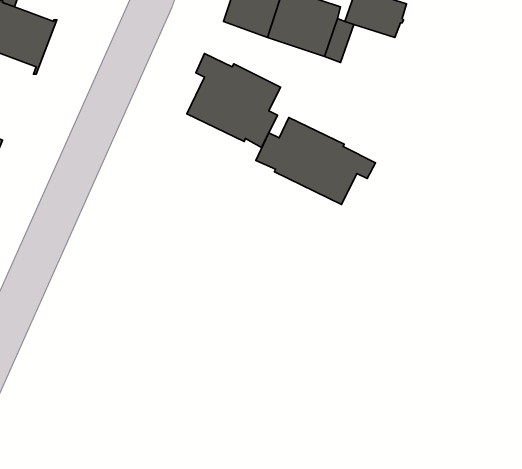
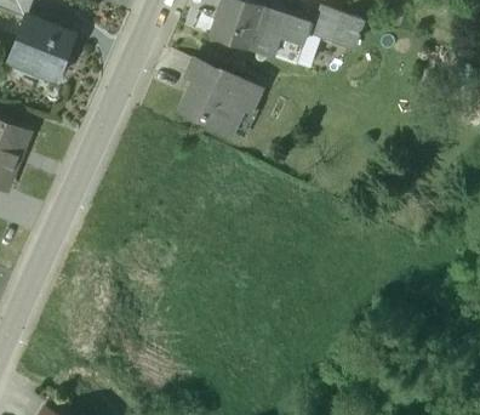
building: [256,118,376,204] -> none

